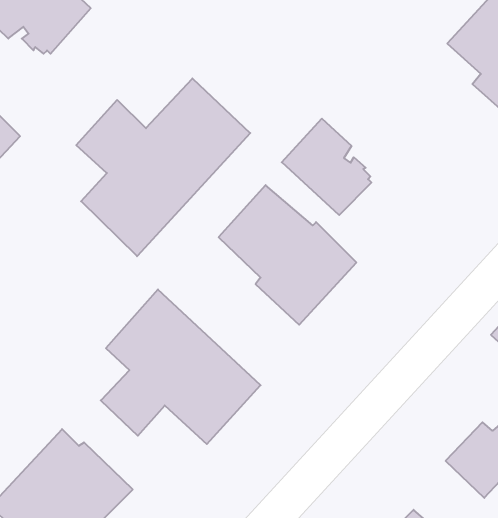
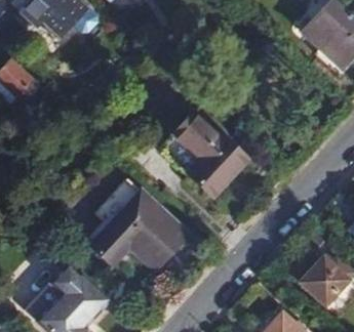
building: [76,78,250,256] -> none
building: [282,119,371,215] -> none

